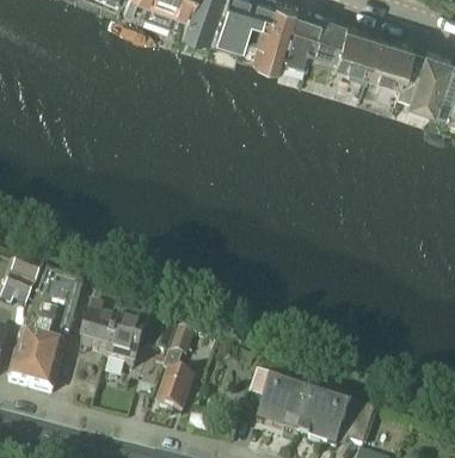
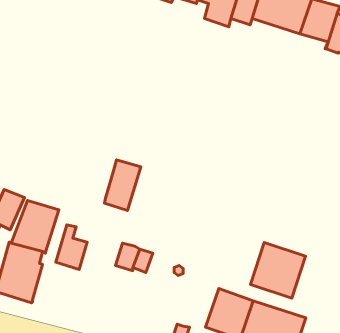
building: [103,311,146,371] -> [104,160,141,210]
building: none -> [250,243,306,298]
building: [153,358,191,419] -> none

